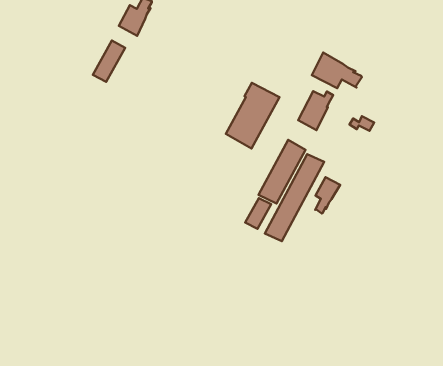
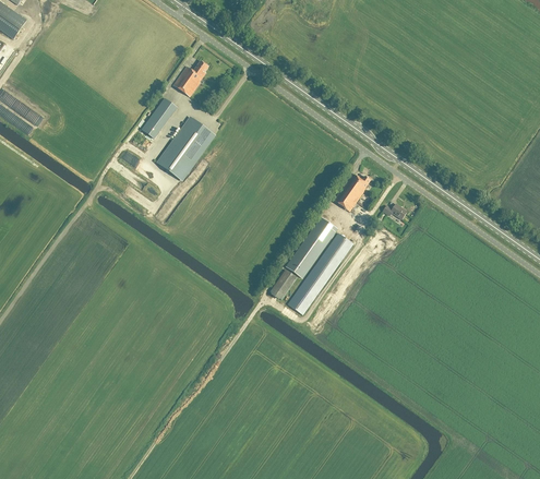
building: [312,53,362,88] -> none
building: [226,83,280,148] -> [158,117,215,180]
building: [315,177,340,213] -> none

